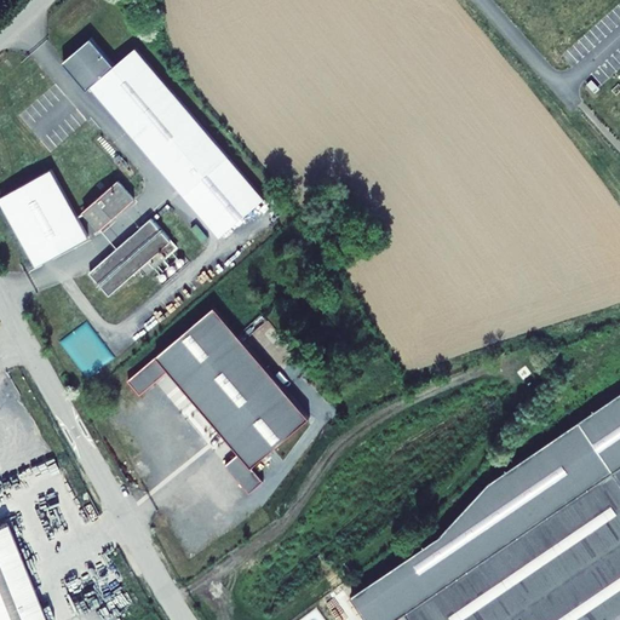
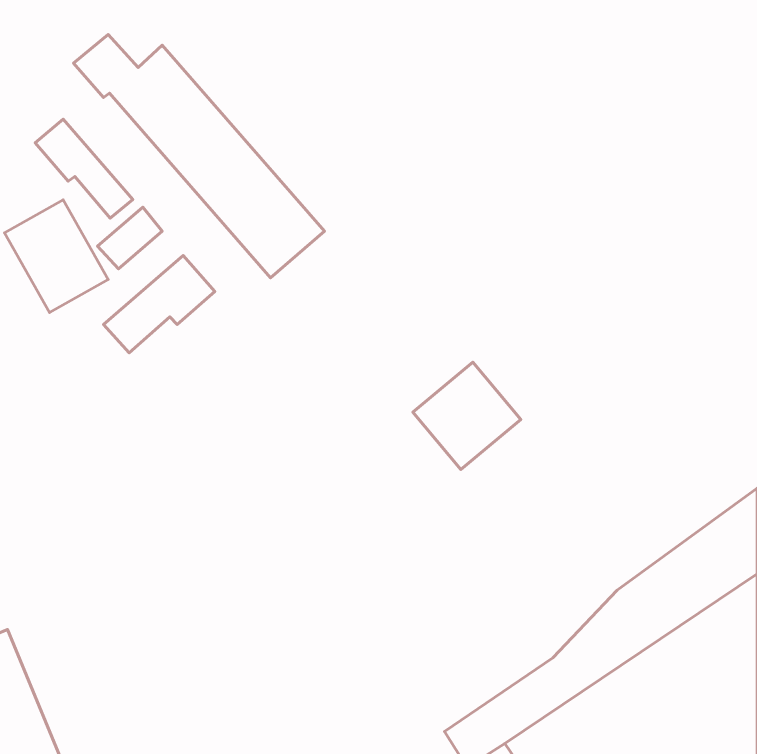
building: none -> [35,119,133,218]
building: none -> [413,362,521,470]
building: [126,308,306,494] -> none

